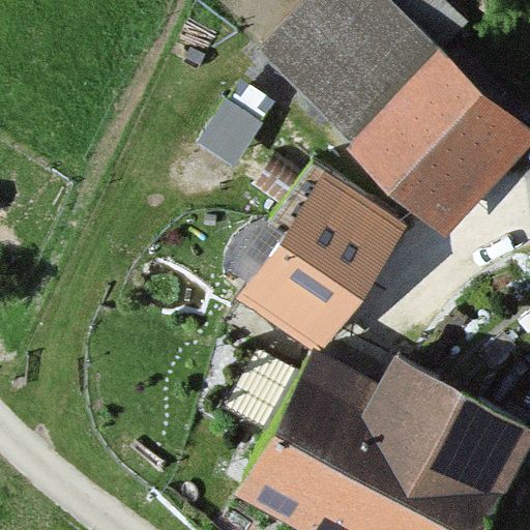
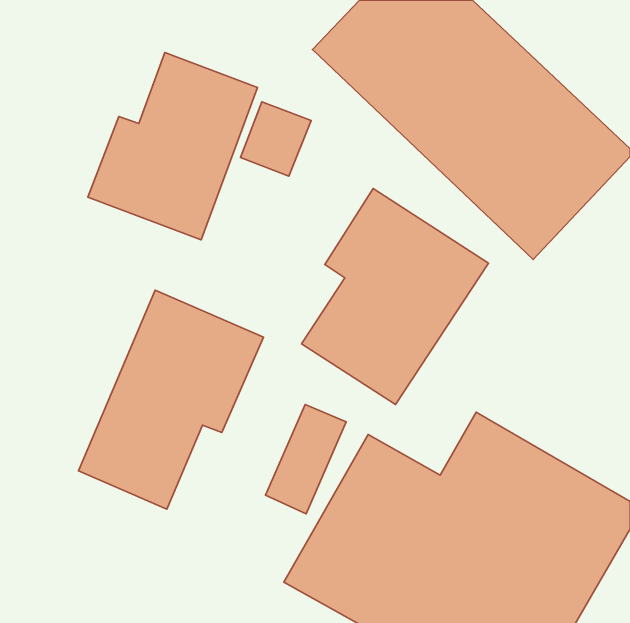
building: none -> [88,52,257,240]
building: none -> [78,290,263,509]

